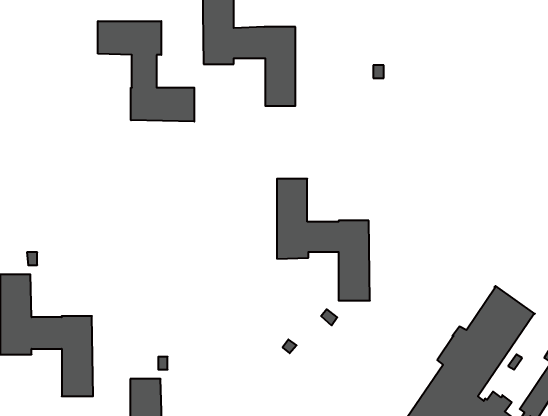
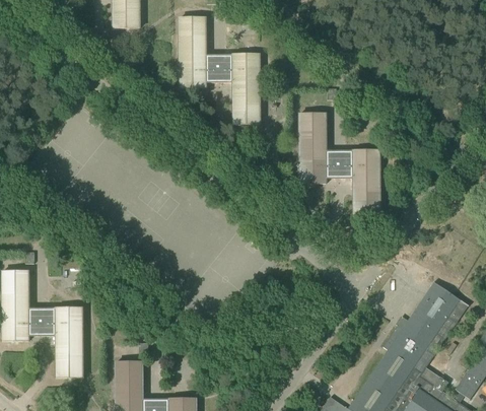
building: [98,21,194,122] -> none
building: [277,179,370,301] -> [299,113,380,219]

